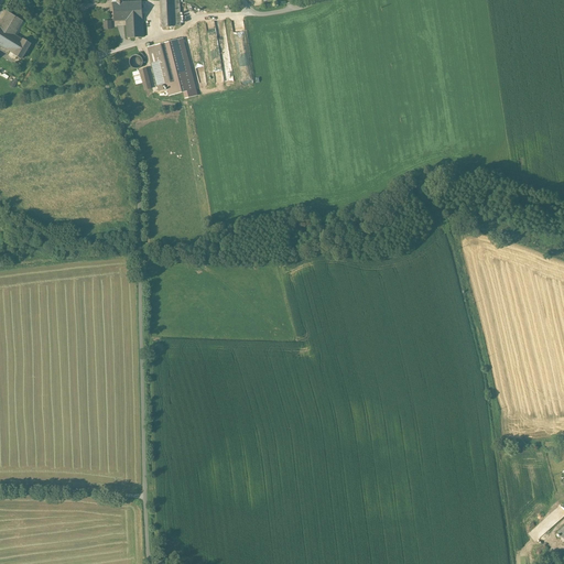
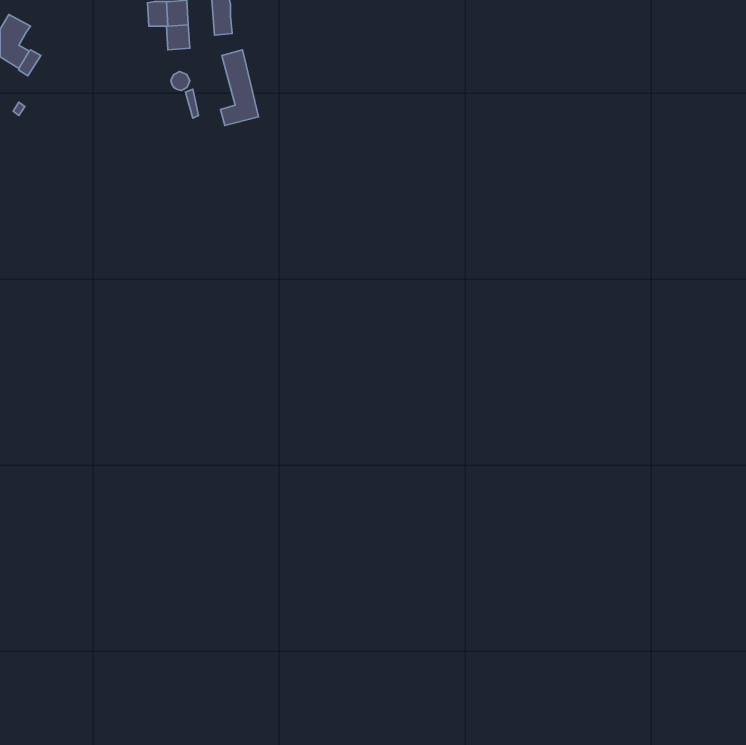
building: [148,42,177,85] -> none

